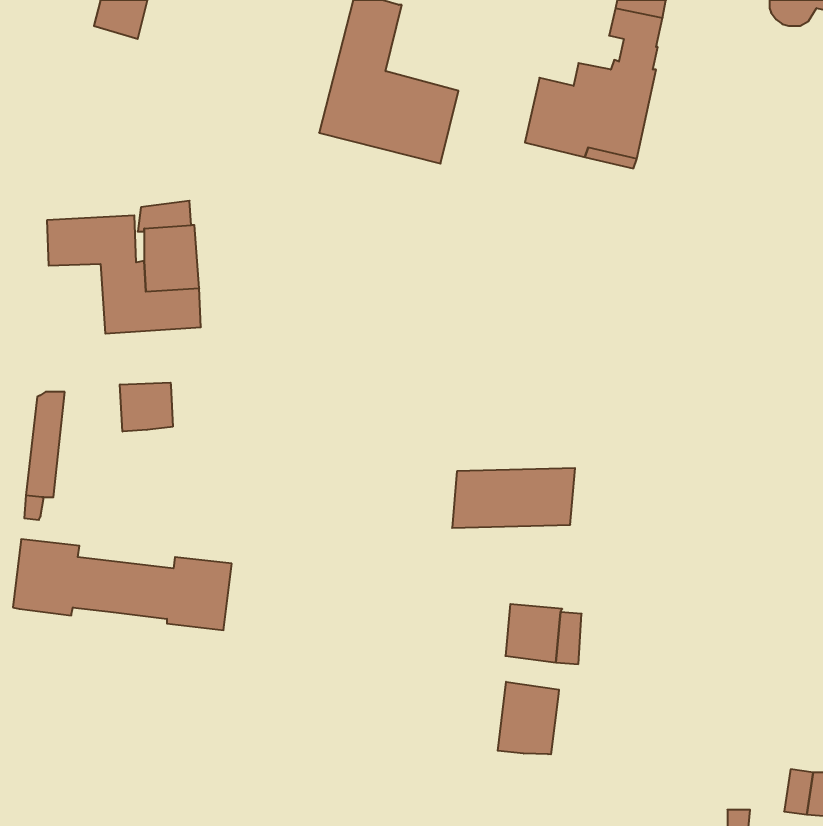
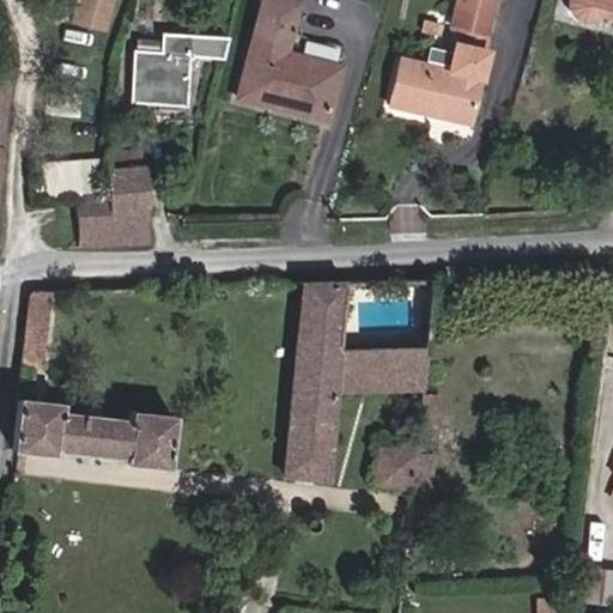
building: none -> [133,36,229,107]
building: none -> [285,281,347,480]
building: [120,383,173,432] -> none
building: [498,682,559,754] -> none

